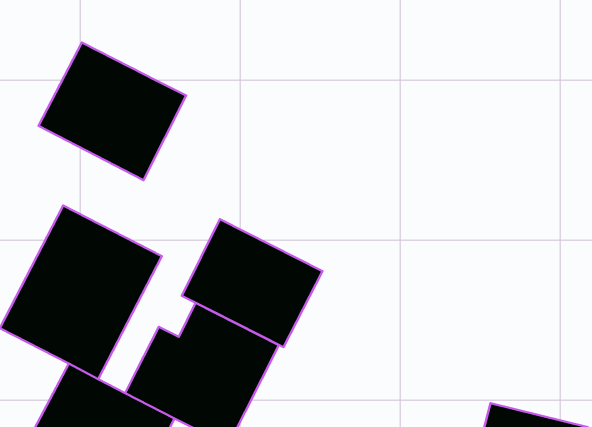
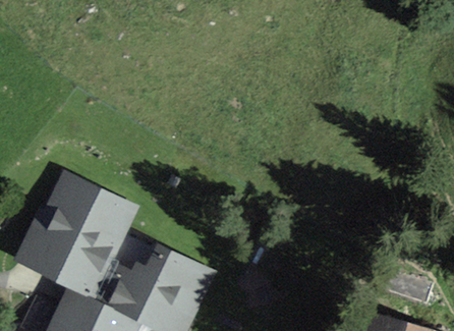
building: [38,42,186,180] -> none
building: [182,219,322,347] -> none

